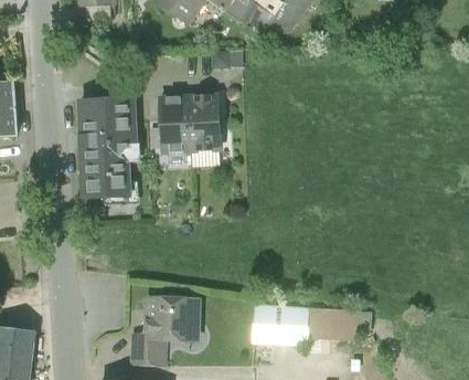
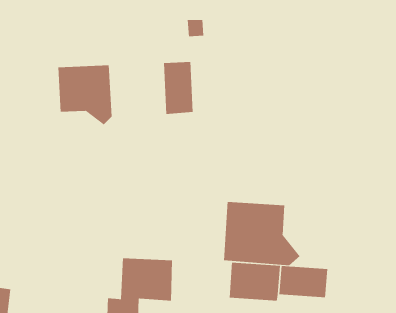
building: [160,97,191,151] -> none
building: [83,147,129,197] -> none
building: none -> [224,201,301,266]

